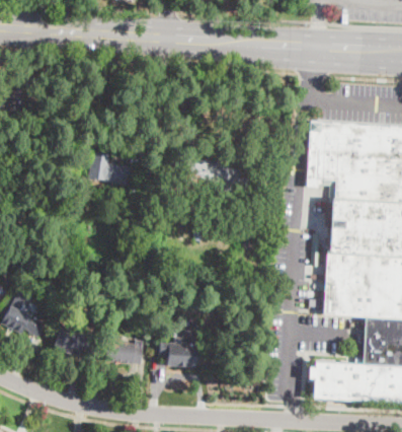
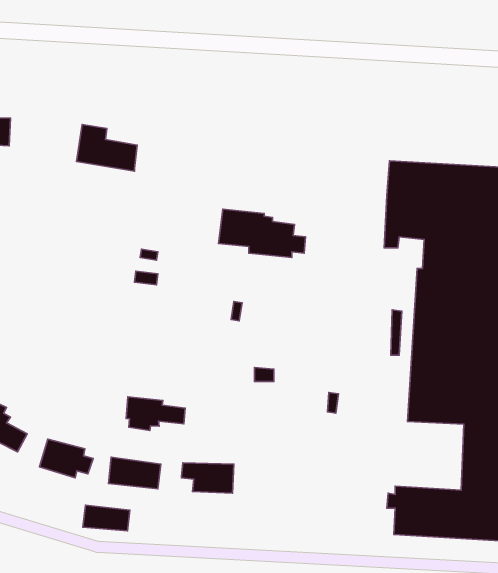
building: [88,151,133,186] -> [77,124,137,171]
building: none -> [126,397,185,430]
building: none -> [83,505,130,531]

